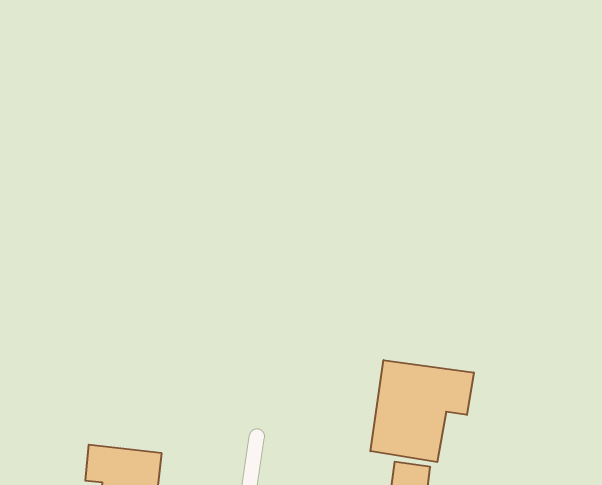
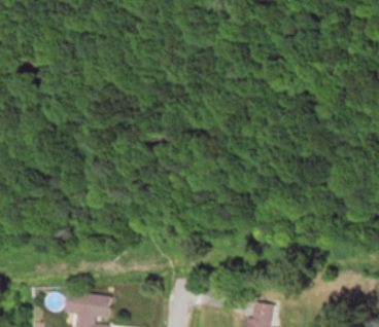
building: [370,360,474,462] -> none

